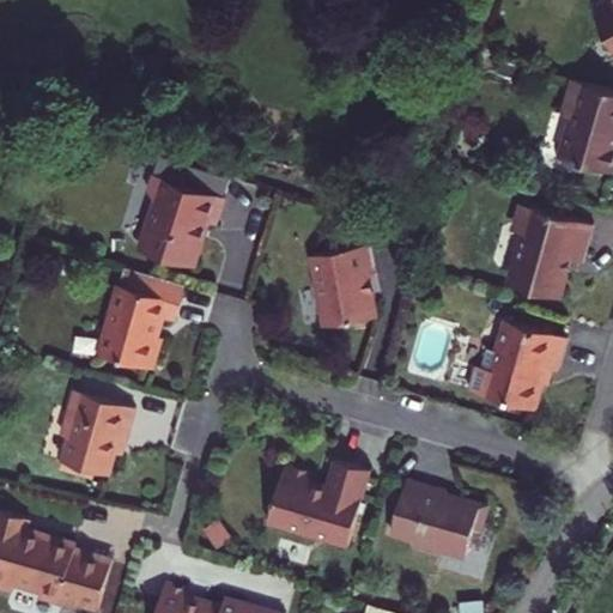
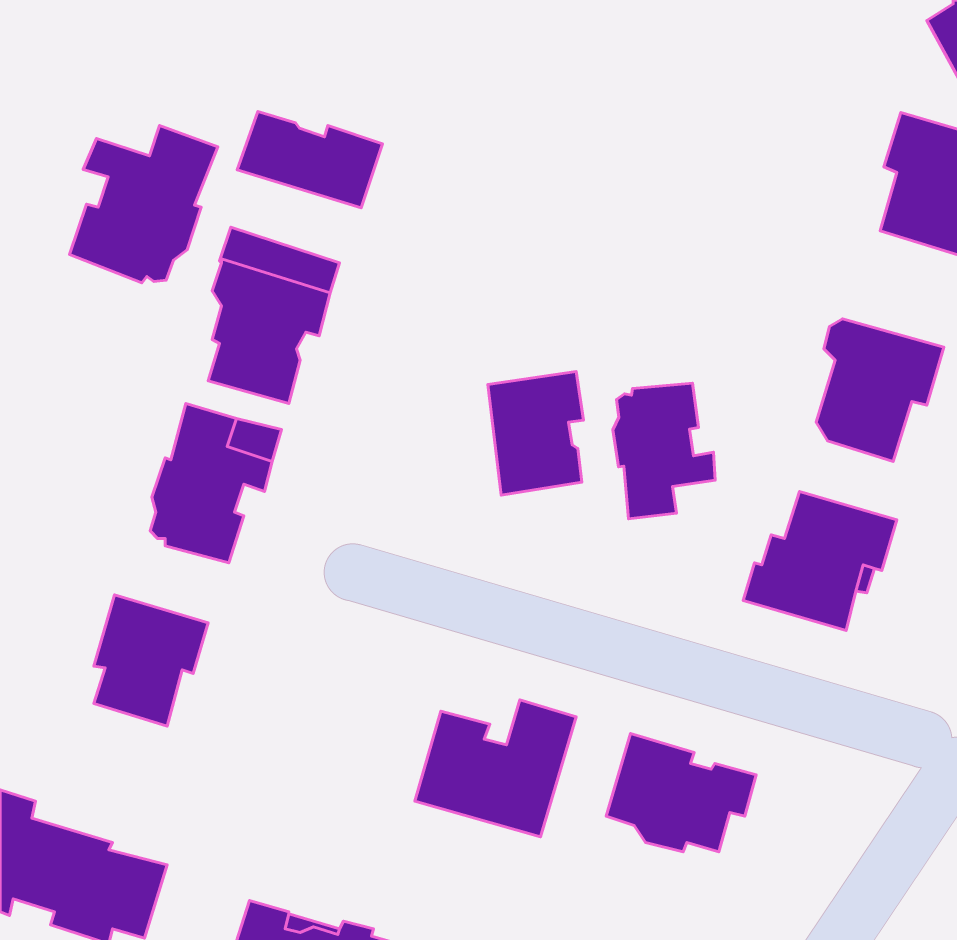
building: none -> [237,111,382,208]
building: none -> [69,125,218,283]
building: none -> [613,383,715,519]

